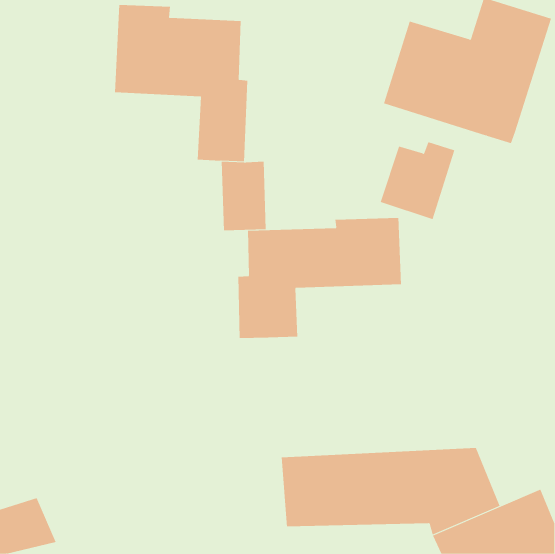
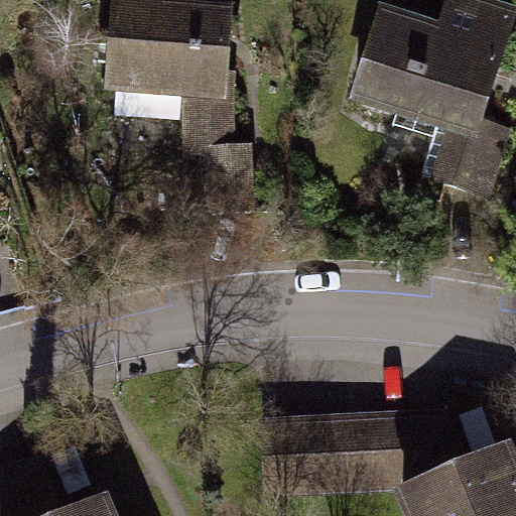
building: [380,141,455,220] -> [433,122,503,195]
building: [238,217,402,339] -> none

